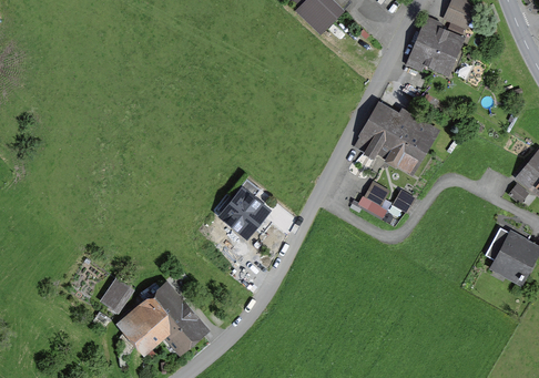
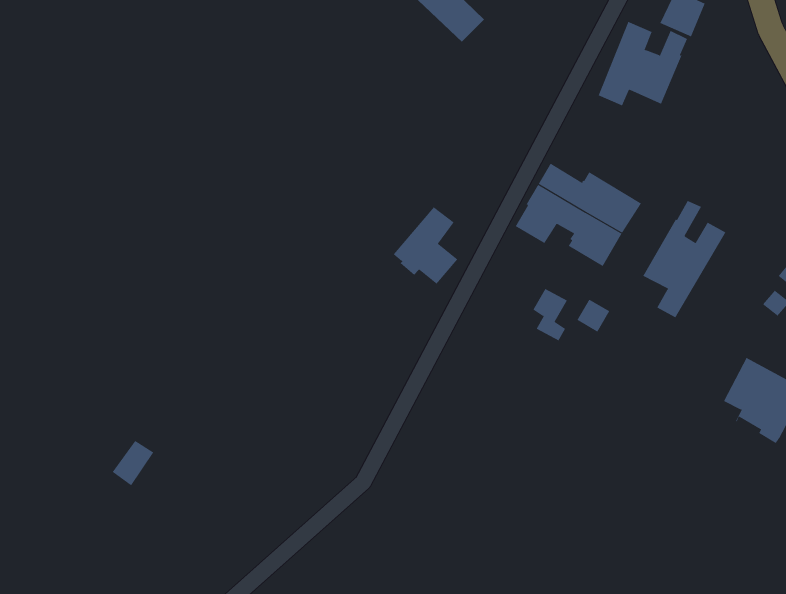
building: none -> [643,200,726,318]
building: [221,180,262,228] -> [393,207,458,284]
building: [121,287,201,351] -> none

